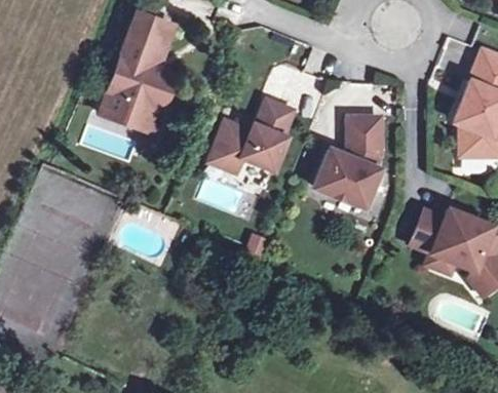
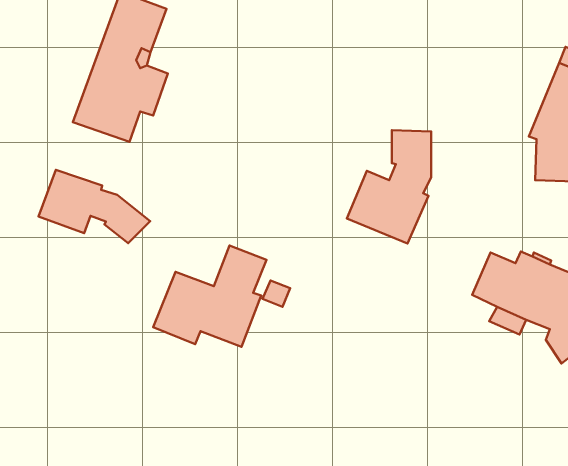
building: [206,101,295,180] -> [153,245,266,347]
building: none -> [39,170,150,243]

